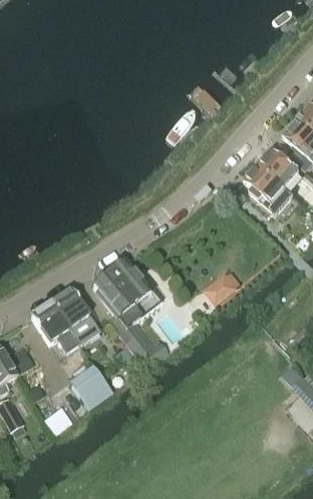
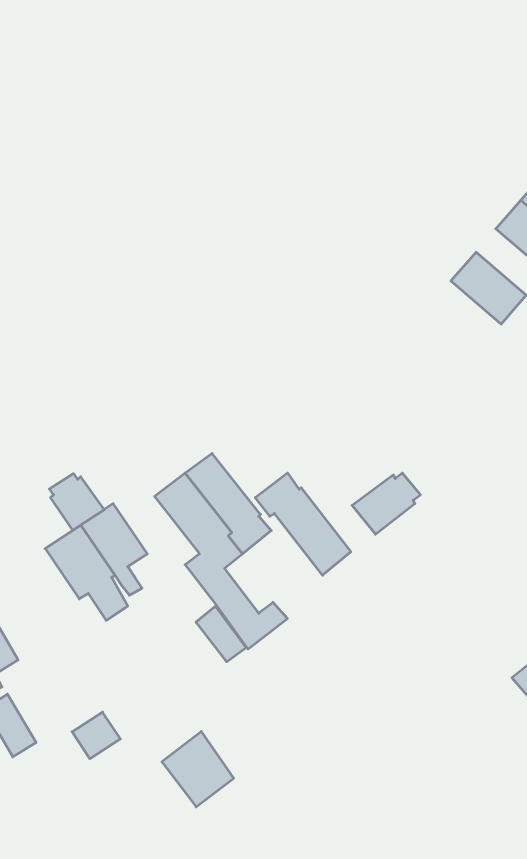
building: [245,162,292,211] -> none
building: none -> [255,473,351,575]
building: none -> [49,474,104,530]
building: [71,367,111,409] -> [162,731,234,807]

